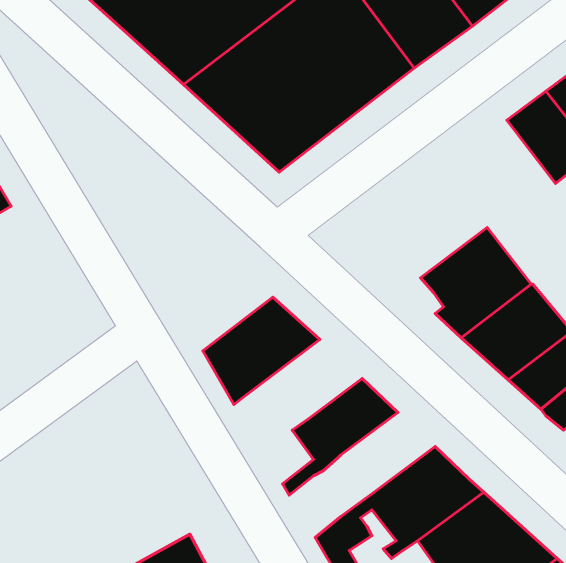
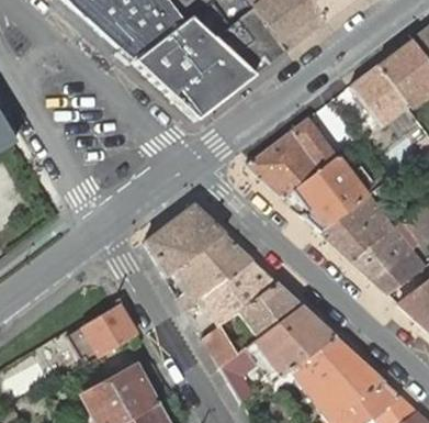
building: none -> [246,116,337,198]
building: none -> [174,233,252,310]
building: none -> [203,282,302,367]
building: none -> [83,303,136,356]

